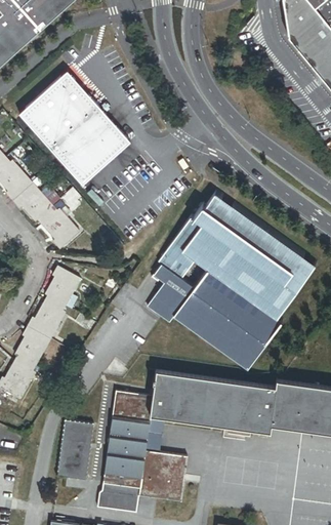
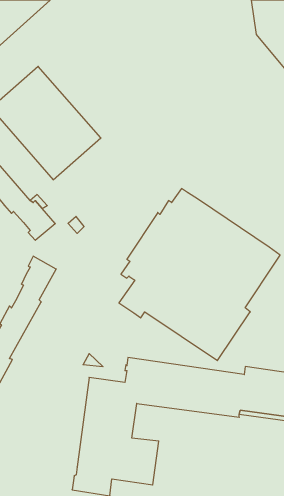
building: [57,419,93,479] -> none

